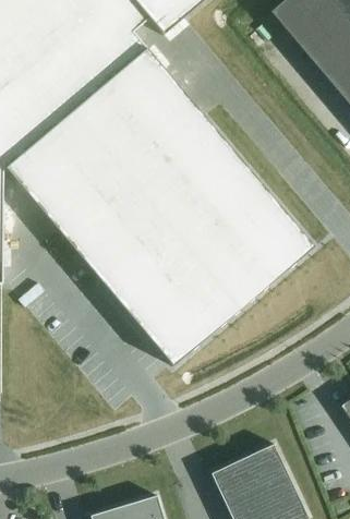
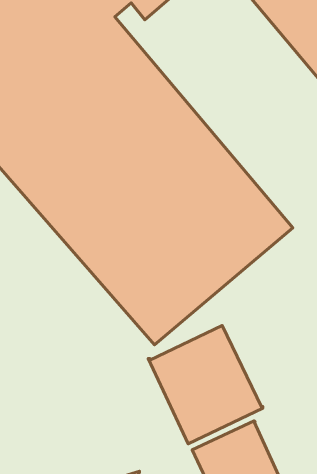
building: none -> [148,326,263,444]

